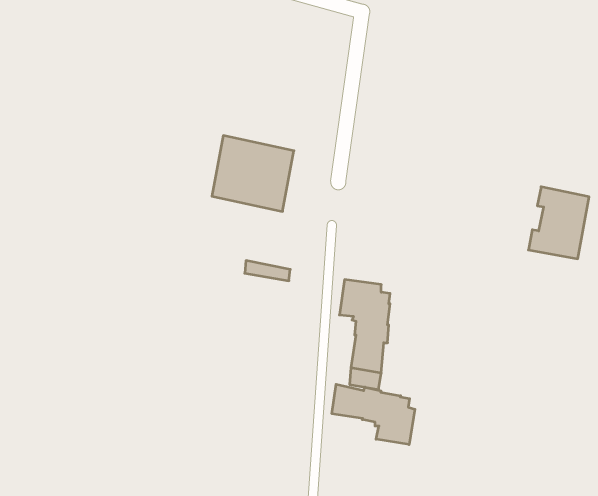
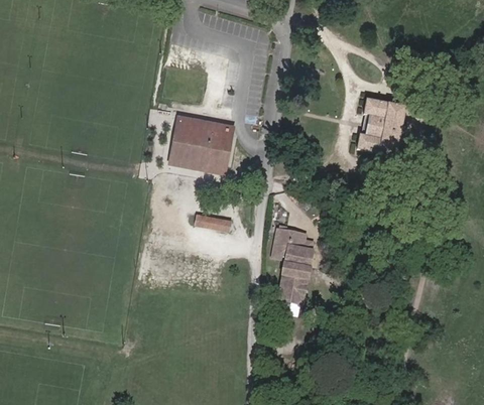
building: [528,187,589,259] -> [356,99,404,156]
building: [332,384,415,445] -> none

